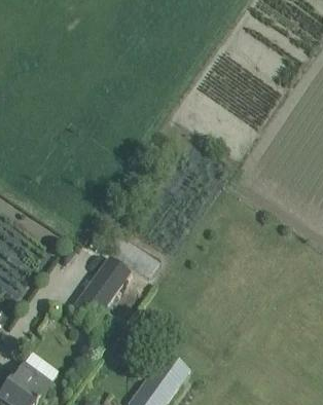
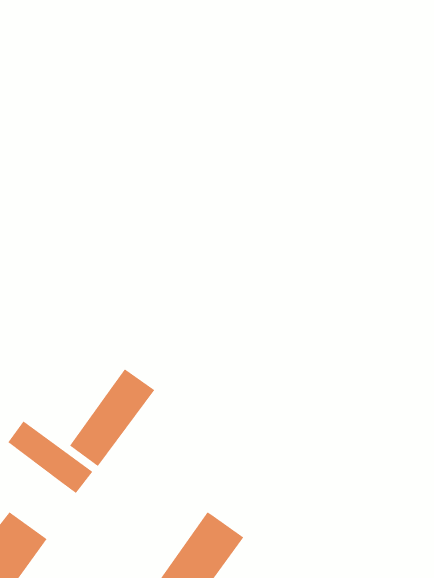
building: none -> [7,420,93,494]

